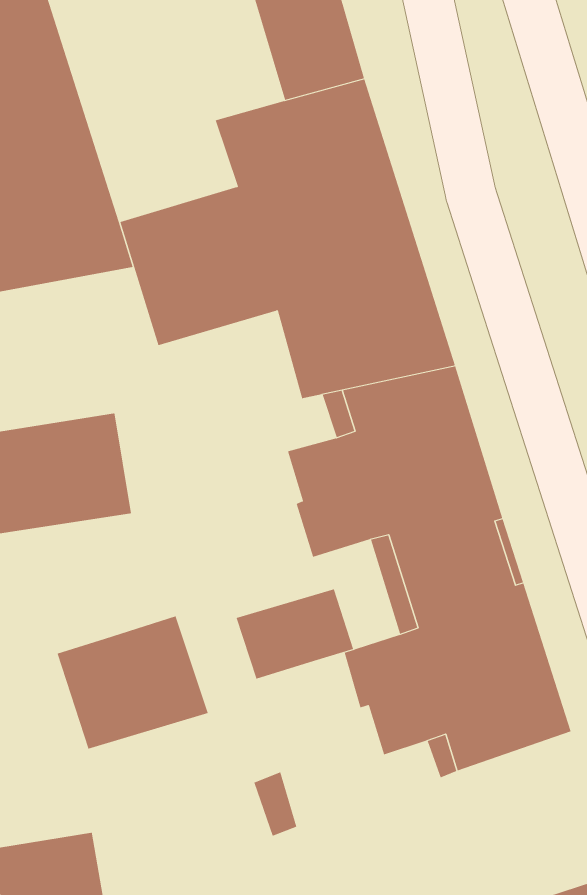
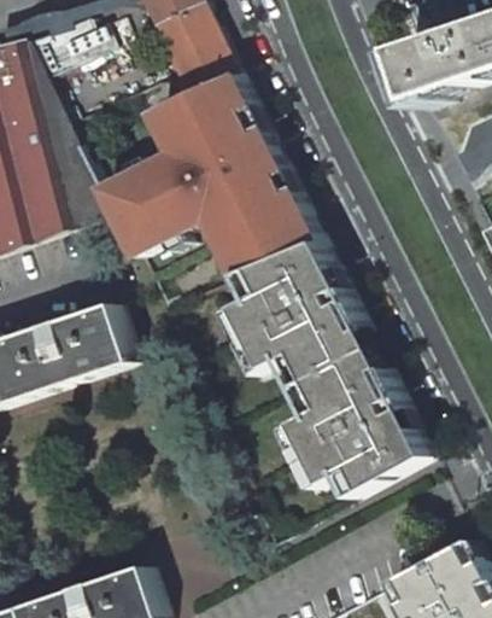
building: [236,589,354,679] -> none
building: [57,615,209,749] -> none

